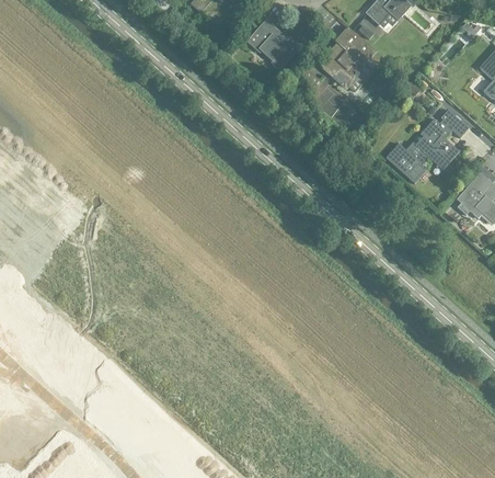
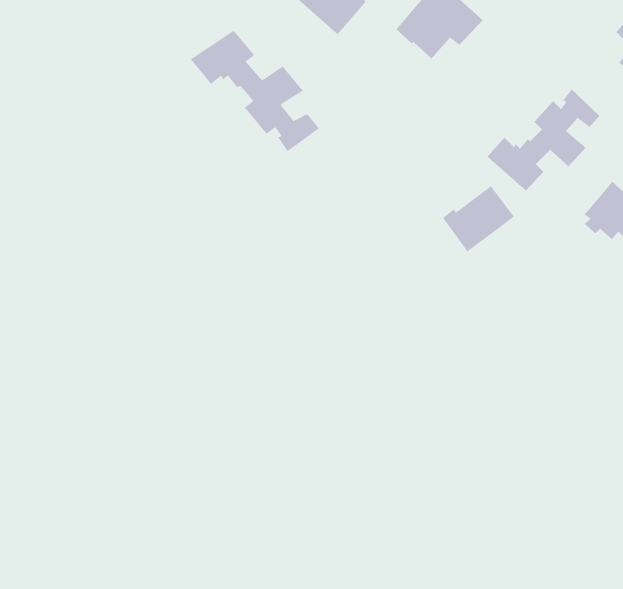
building: none -> [190,30,320,152]
building: none -> [442,185,515,253]

